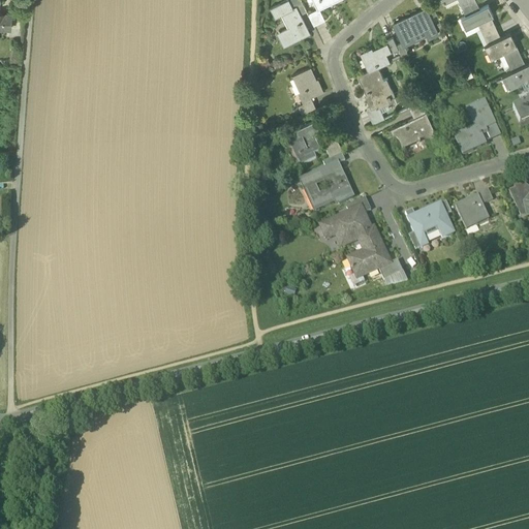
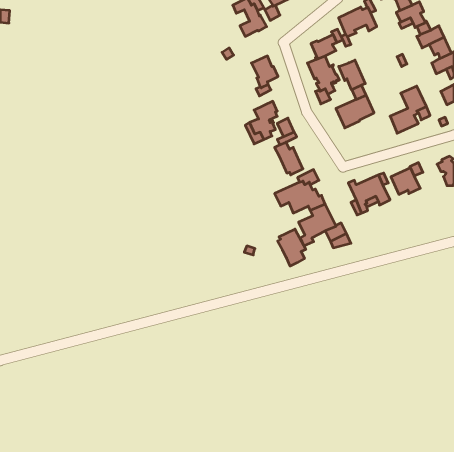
building: none -> [339,60,365,90]
building: [300,172,334,211] -> none
building: none -> [278,229,306,266]

